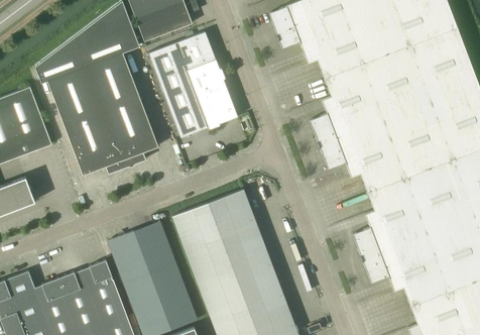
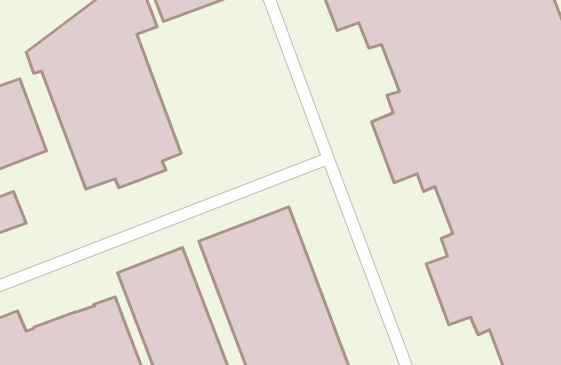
building: [148,31,237,137] -> none

